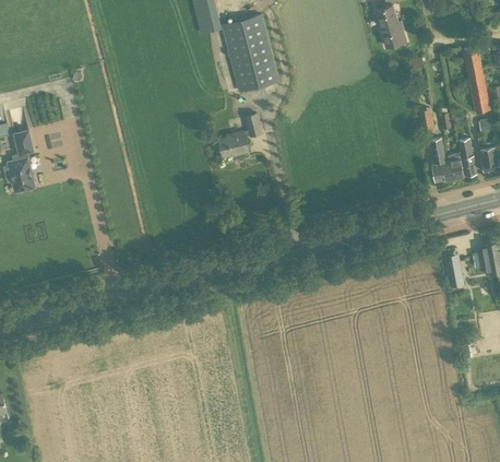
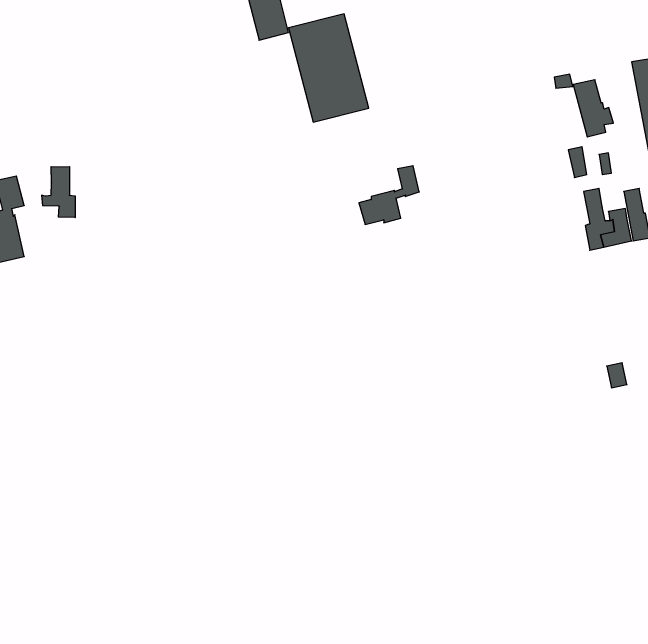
building: [378,10,406,50] -> [573,80,613,137]
building: [218,115,261,156] -> [359,166,419,224]
building: none -> [42,167,75,218]

